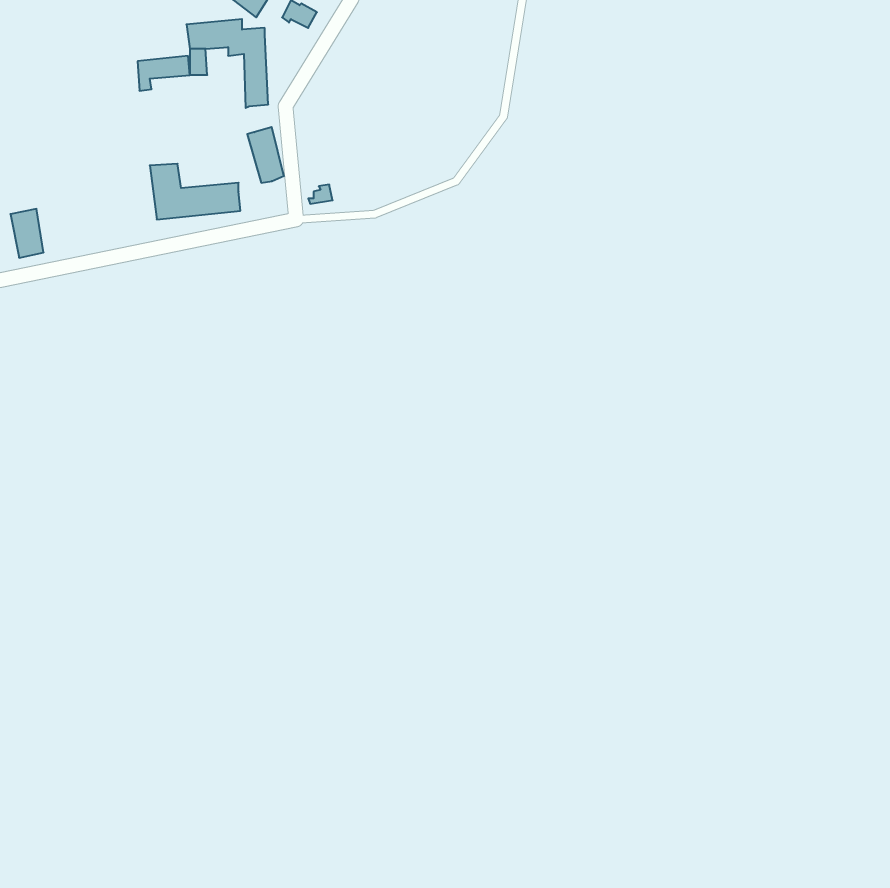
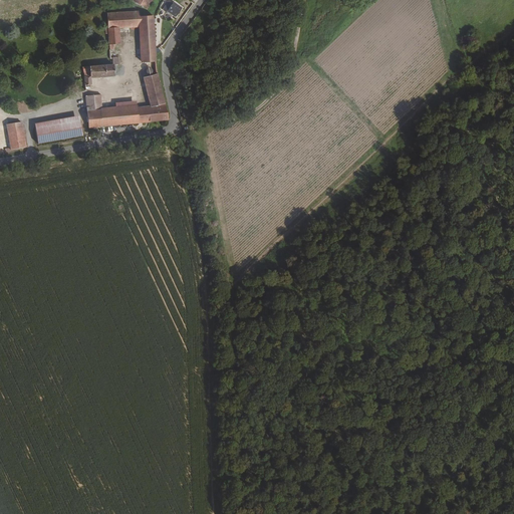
building: [138,56,190,91] -> [84,64,114,84]
building: none -> [138,101,169,121]
building: none -> [34,114,82,144]

